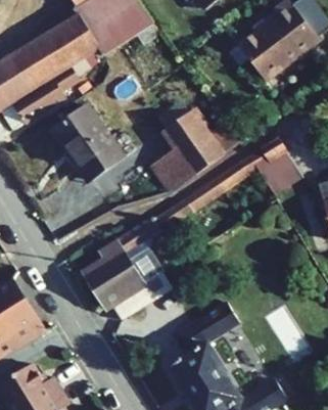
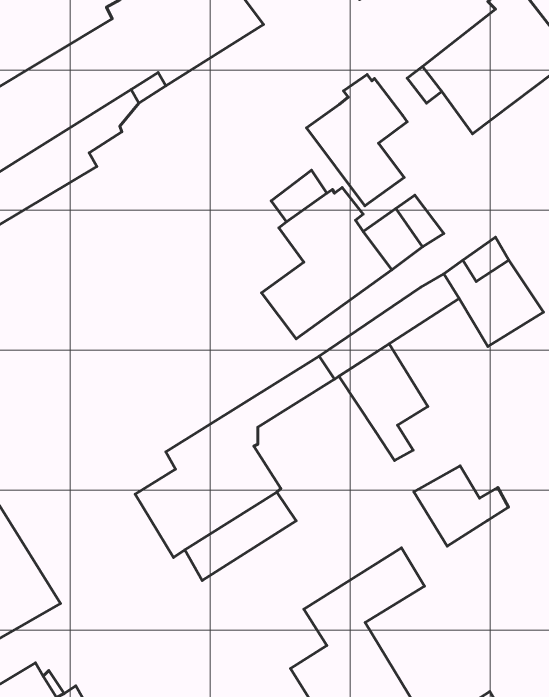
building: none -> [307,75,407,206]
building: [51,104,125,180] -> none
building: none -> [339,344,428,461]
building: none -> [414,466,509,546]

